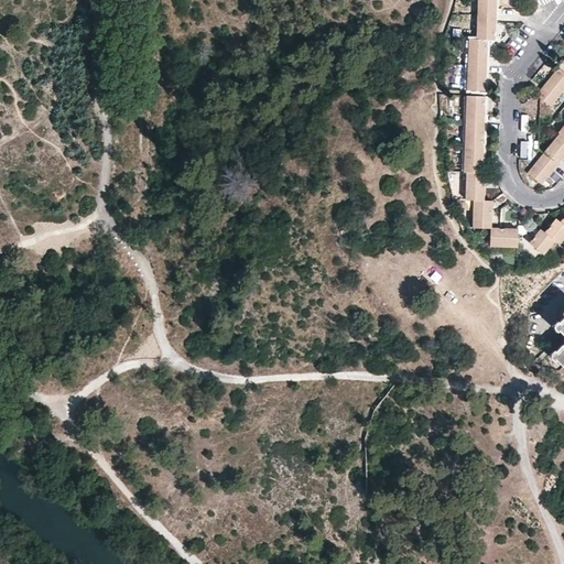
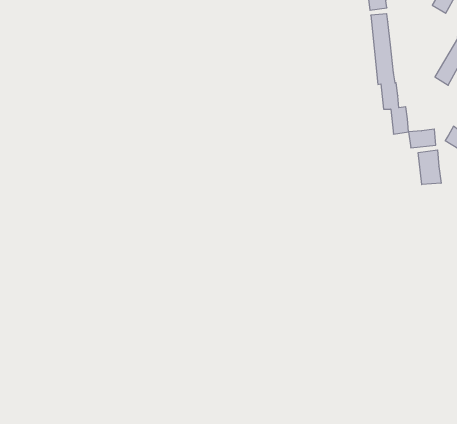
building: none -> [418,150,441,185]

